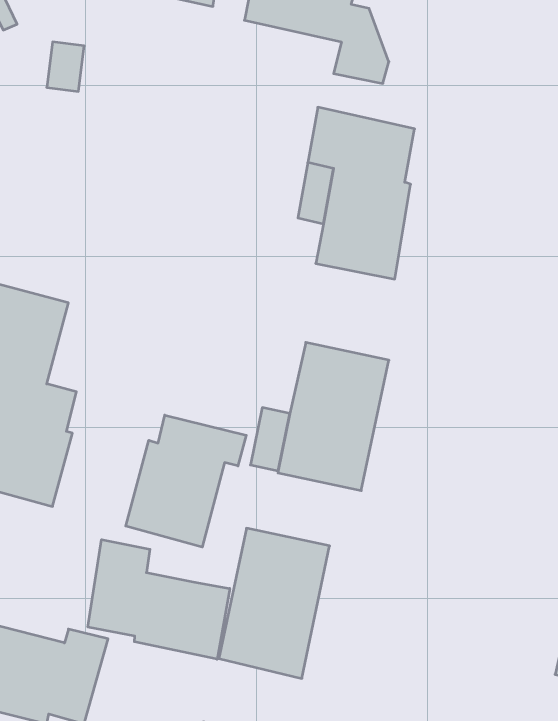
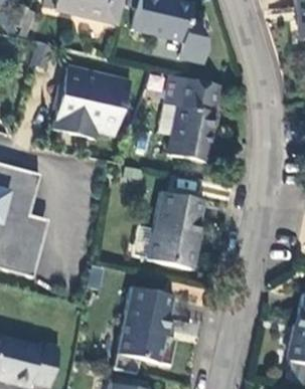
building: none -> [53,62,132,140]
building: [126,415,246,547] -> none
building: [88,540,230,659] -> none

